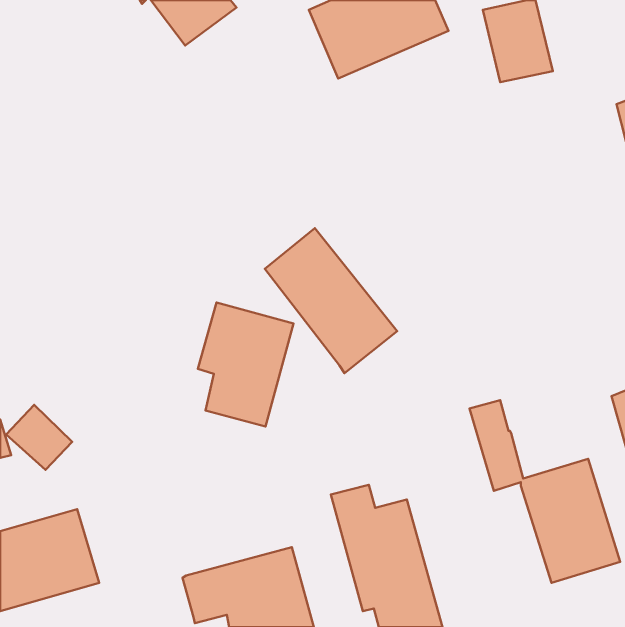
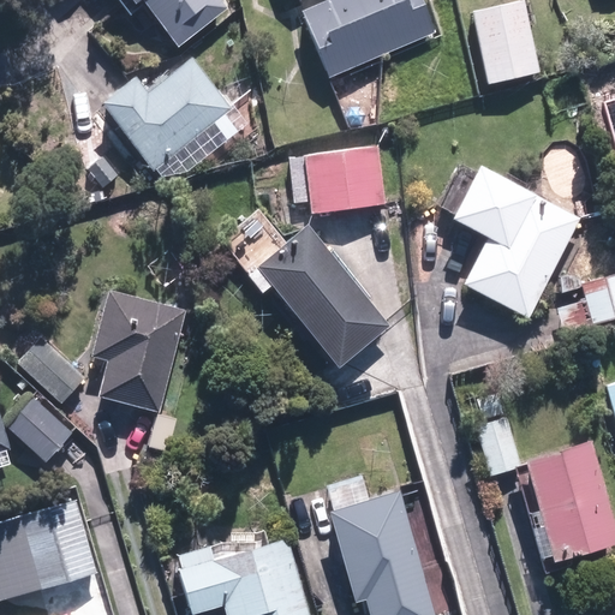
building: none -> [105,58,234,168]
building: none -> [304,145,383,215]
building: none -> [443,172,574,326]
building: [198,303,294,427] -> [91,287,185,408]
building: none -> [19,339,85,404]

